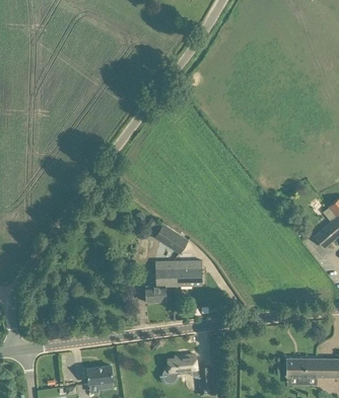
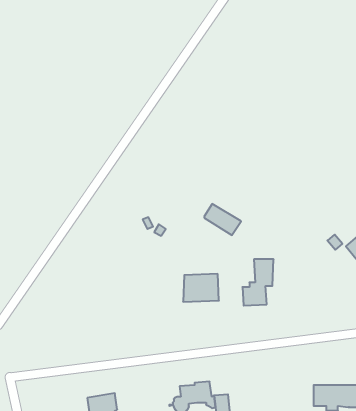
building: [154,225,187,252] -> [204,204,241,235]
building: [144,261,172,302] -> [242,259,274,306]

